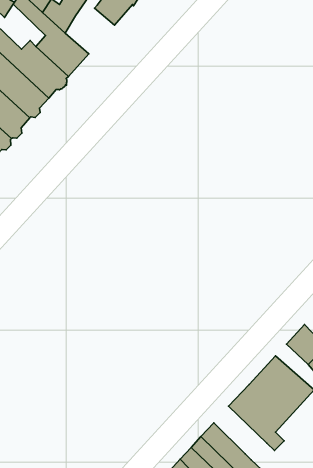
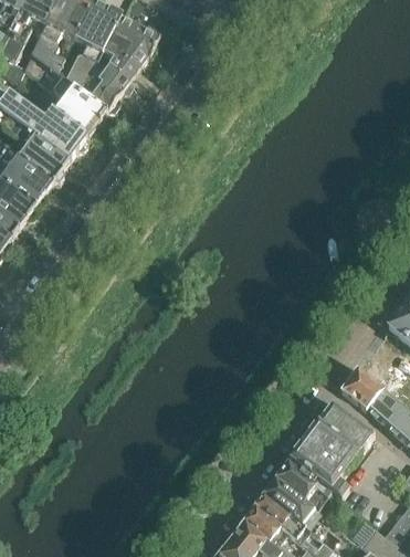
building: none -> [82,64,134,112]
building: none -> [275,459,332,512]

